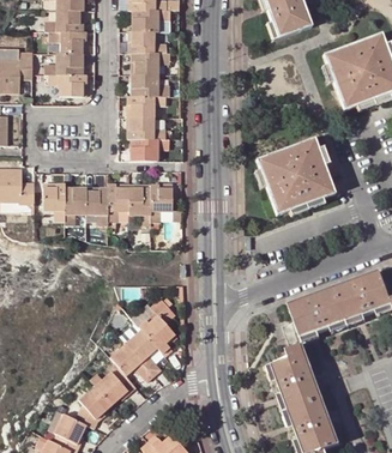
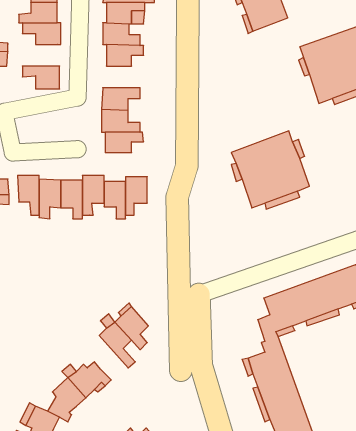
building: [42,50,82,72] -> none
building: [131,72,168,93] -> none
building: [108,340,152,380] -> none

